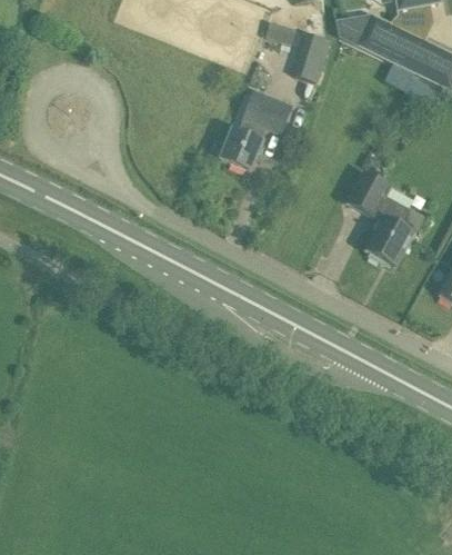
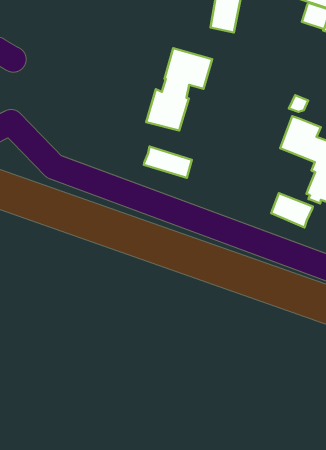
building: none -> [144,146,192,178]
building: none -> [271,193,313,227]

